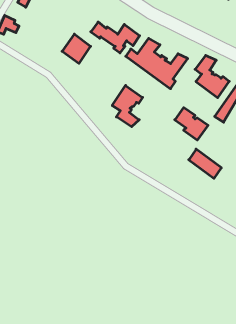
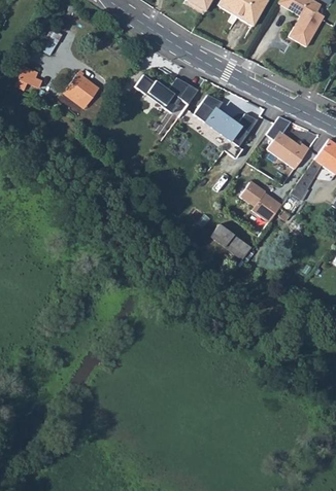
building: [62,34,91,63] -> [61,71,97,108]
building: [112,85,143,127] -> none
building: [189,149,221,178] -> [209,223,250,260]

